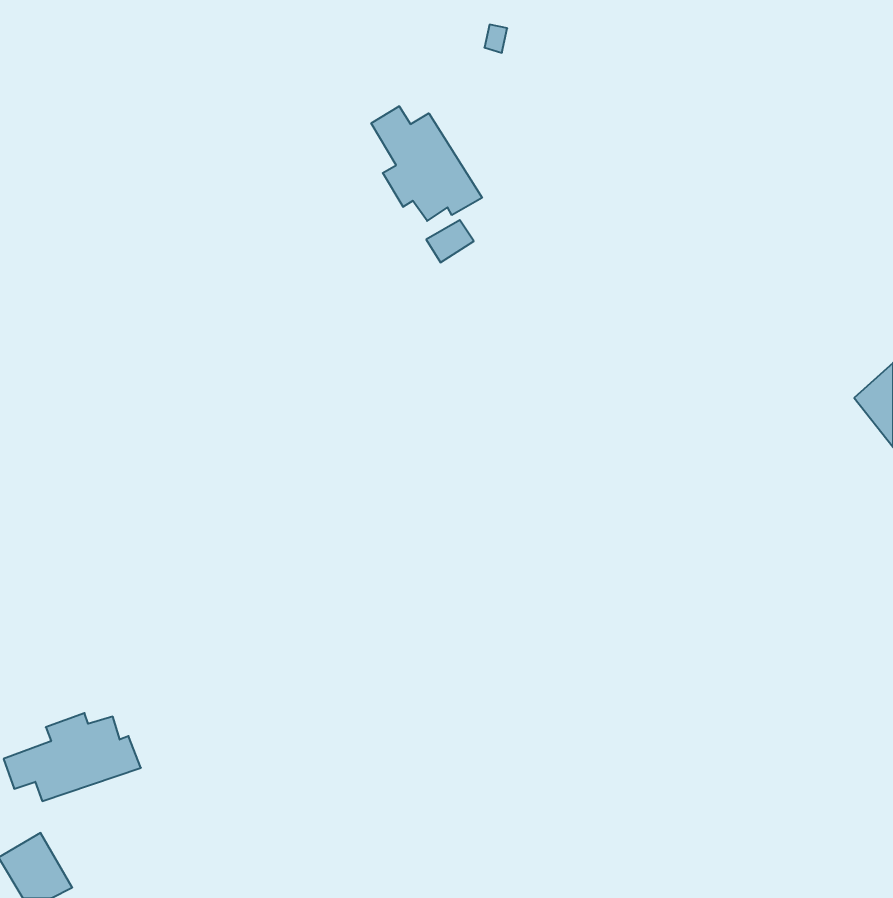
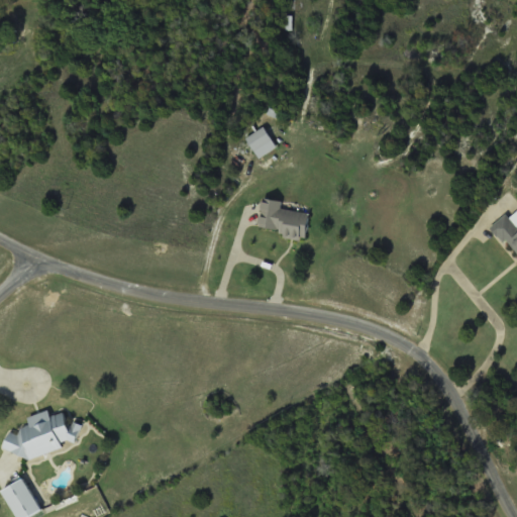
building: [371,106,482,221] -> none
building: none -> [257,196,311,237]

